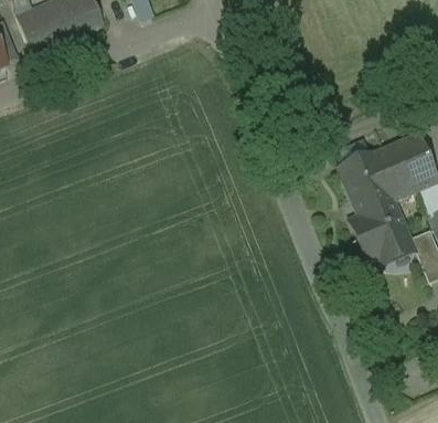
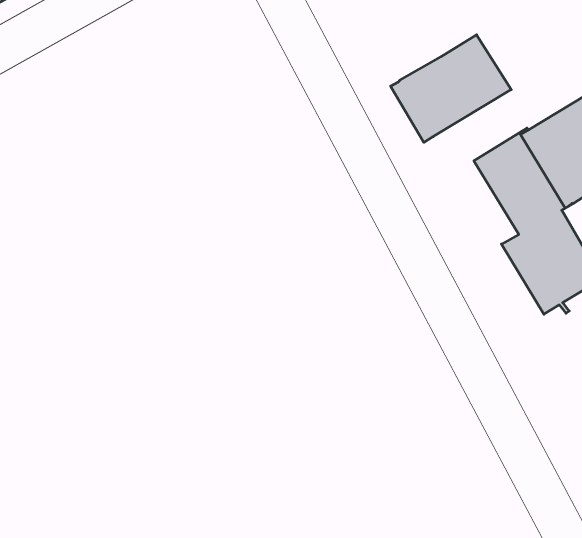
building: none -> [391,35,511,142]

